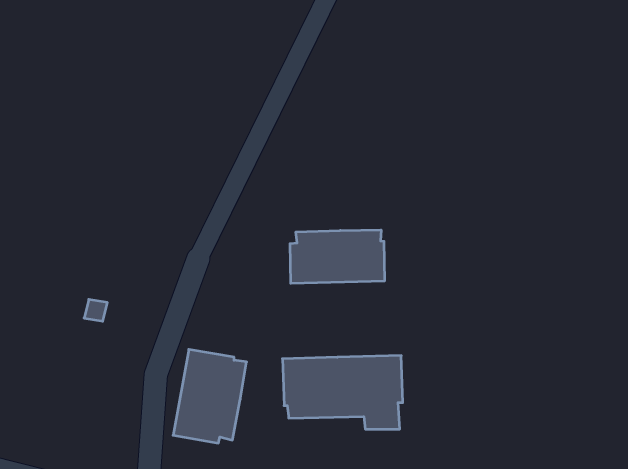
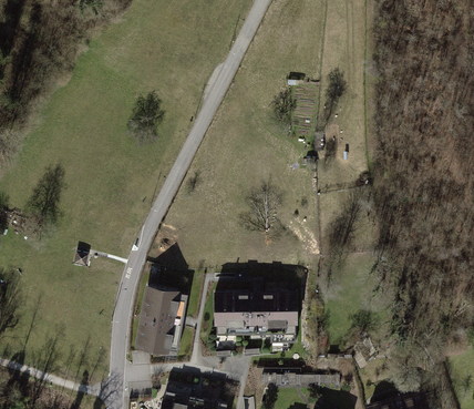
building: [290,230,384,283] -> none

